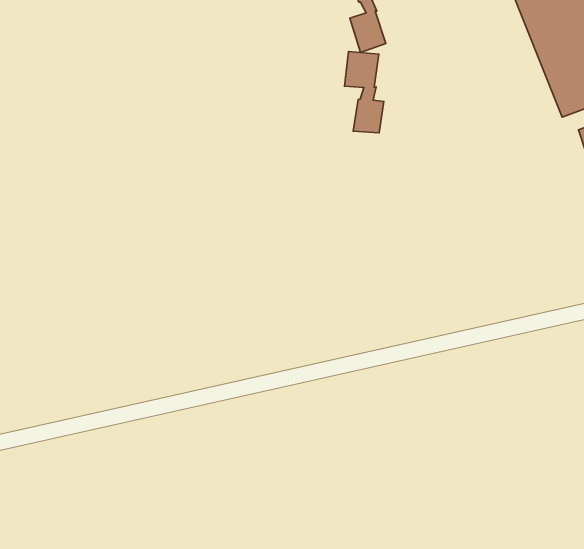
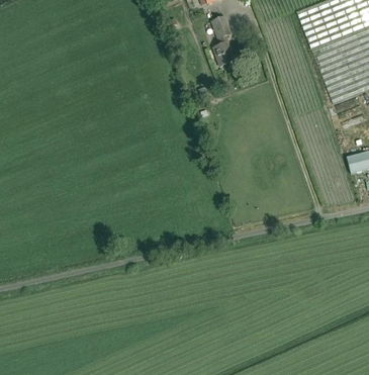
building: [344,51,384,133] -> none

